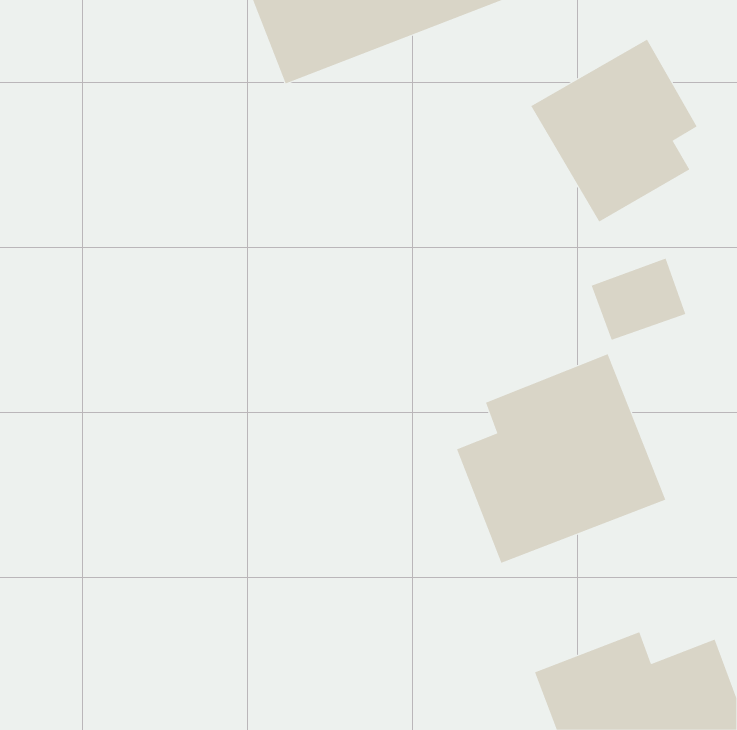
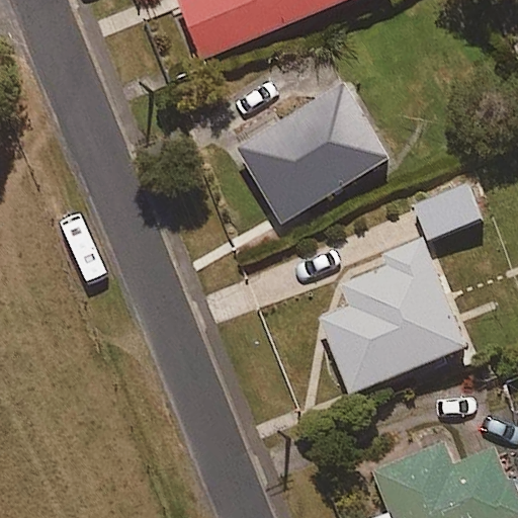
building: [531,39,697,222] -> none
building: none -> [237,85,388,223]

